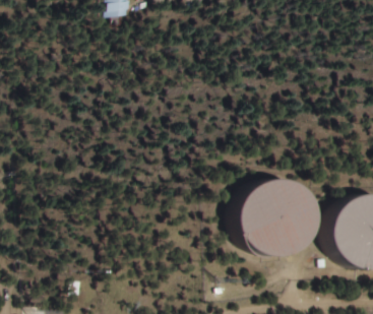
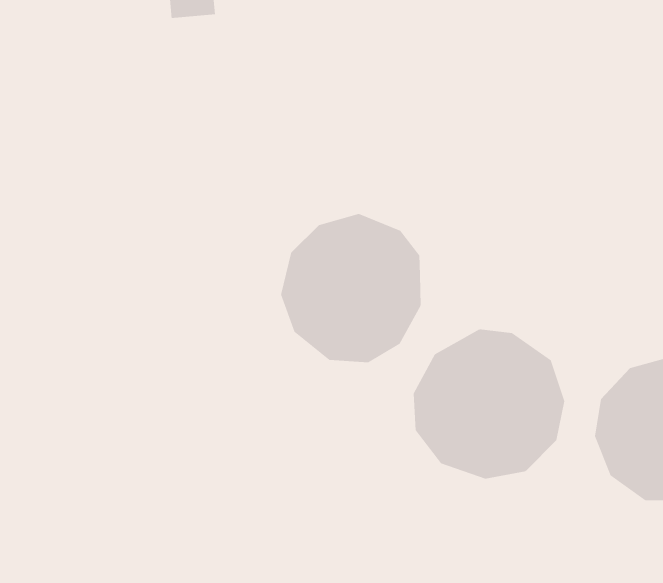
building: none -> [281,213,421,363]

